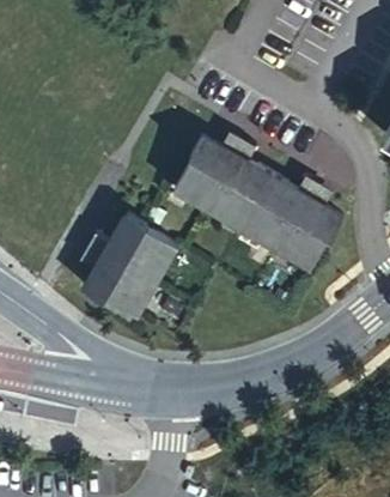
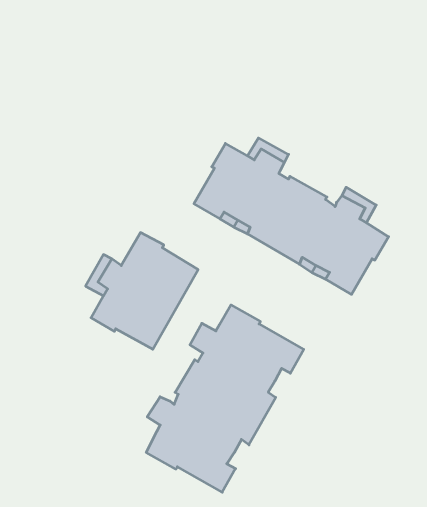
building: none -> [146,305,304,492]

